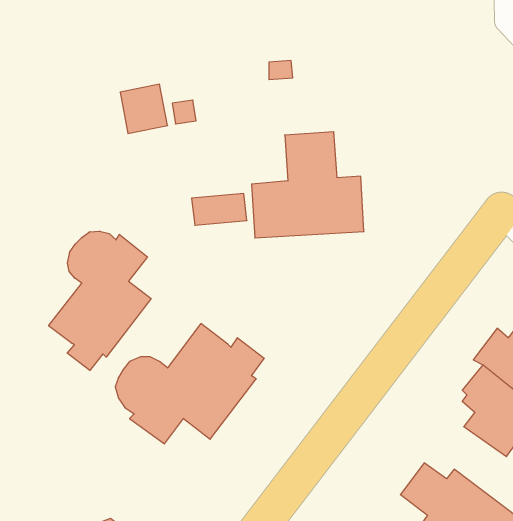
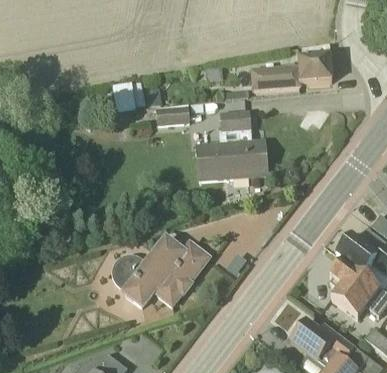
building: none -> [252,53,332,88]
building: [192,194,247,225] -> [156,105,191,125]
building: [49,231,151,370] -> none

